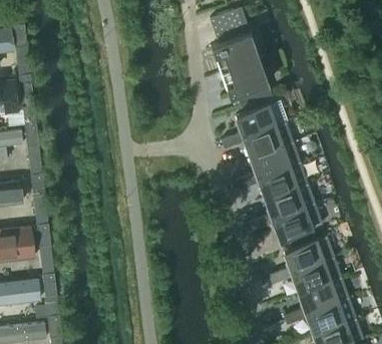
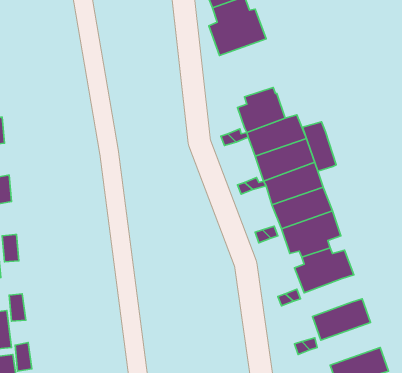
building: [220,56,268,105] -> none
building: none -> [303,122,336,171]
building: [291,256,340,291] -> none
building: [305,296,355,332] -> none

